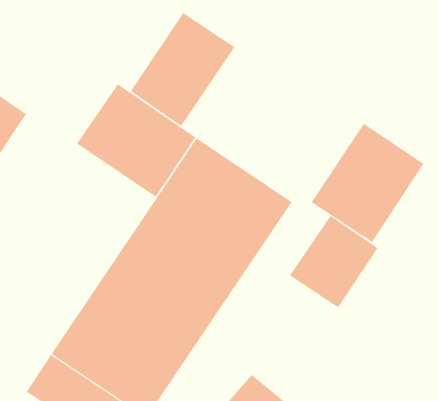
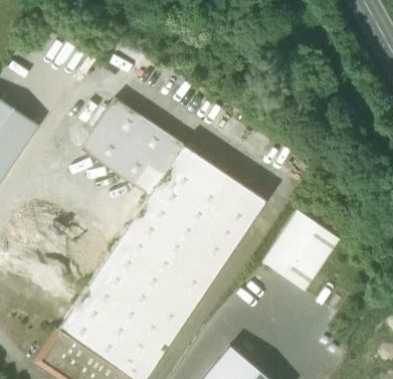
building: [130,12,235,127] -> none
building: [311,123,424,243] -> none

